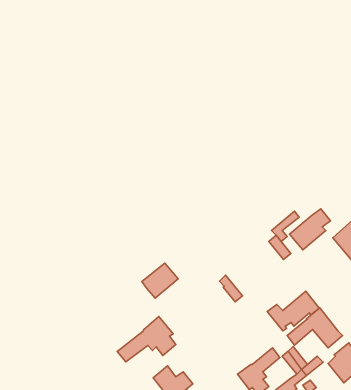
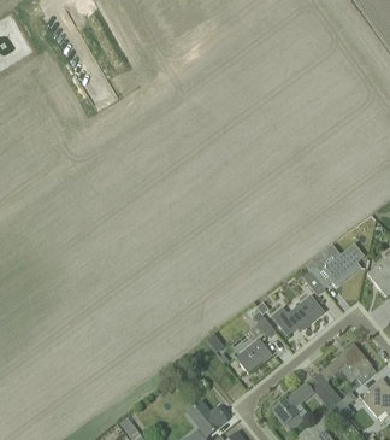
building: [142,263,178,298] -> [235,338,271,372]
building: [267,291,319,331] -> [271,294,323,334]
building: [117,317,176,362] -> none

